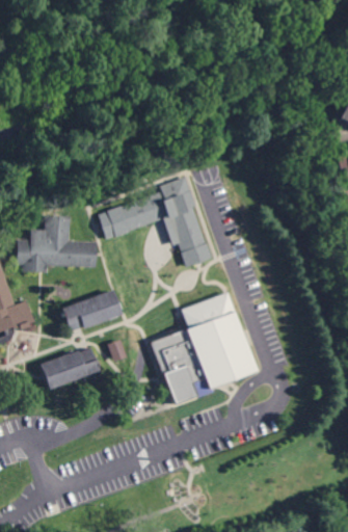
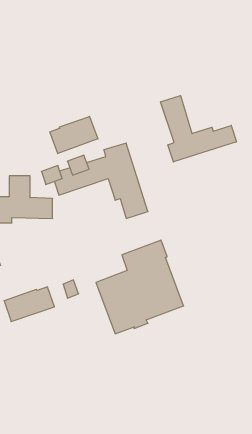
building: none -> [161,96,236,162]
building: none -> [50,116,98,154]
building: [62,290,123,330] -> none

